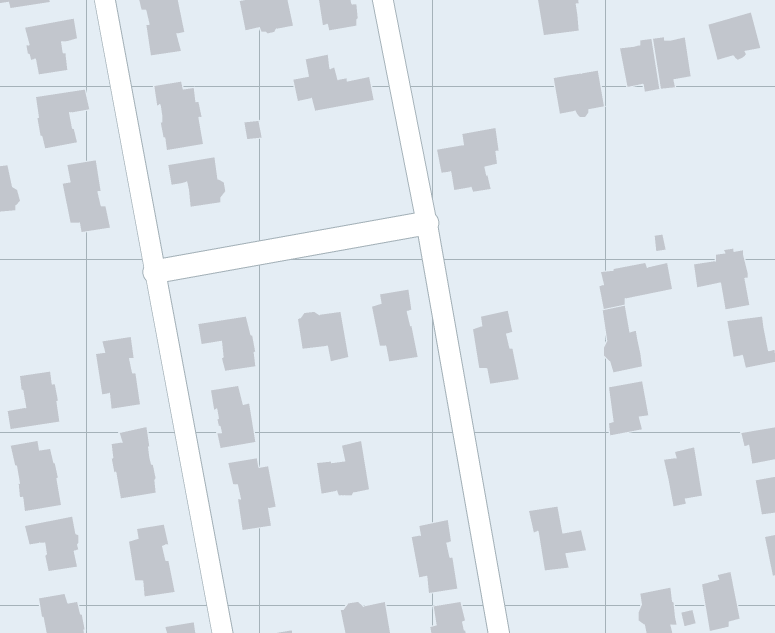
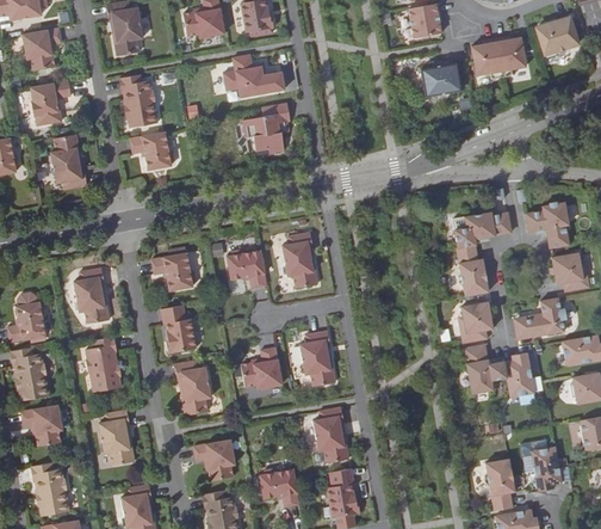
building: [436,128,499,192] -> [242,103,290,152]
building: [472,310,519,384] -> [300,331,336,387]
building: none -> [514,296,566,339]
building: [528,506,587,571] -> [463,343,507,392]
building: none -> [193,438,235,480]

